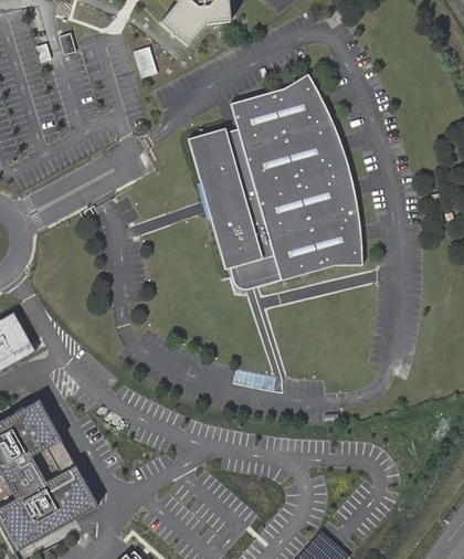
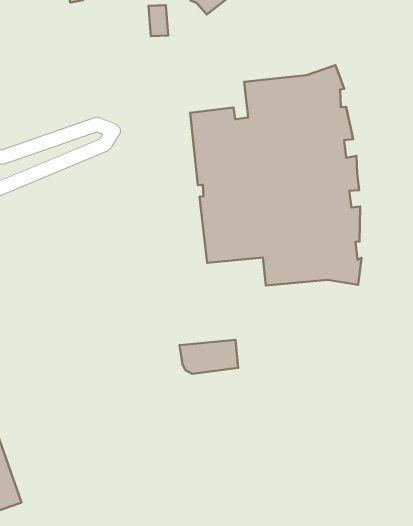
building: [225,254,281,291] -> [180,340,238,374]

